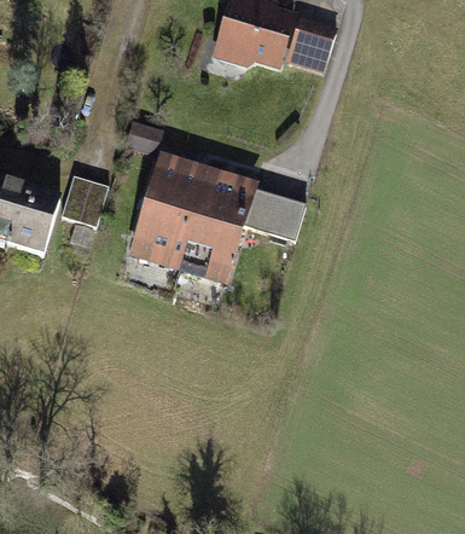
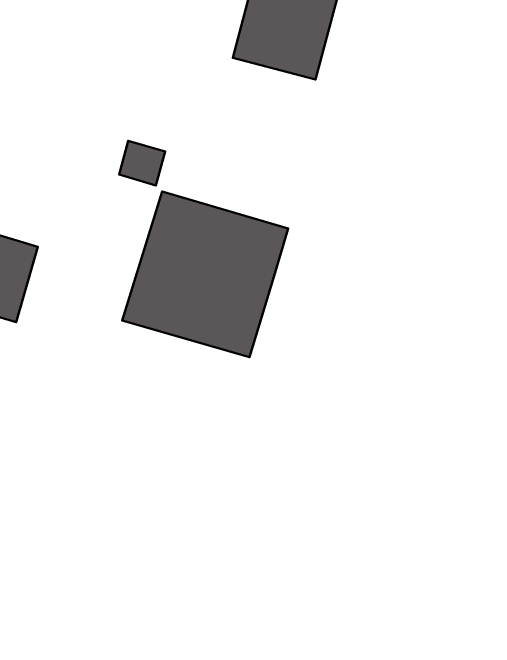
building: [289,13,338,69] -> none
building: [62,169,109,219] -> none
building: [248,184,307,236] -> none

